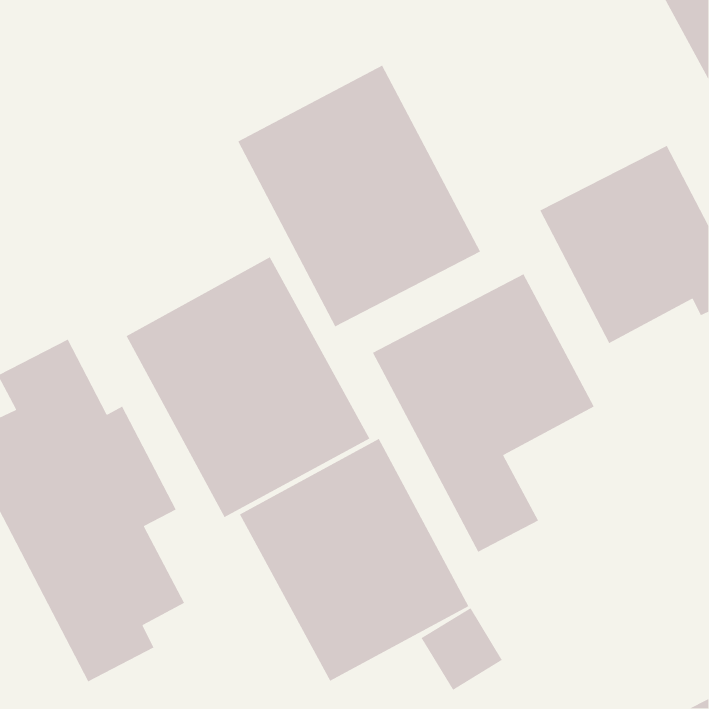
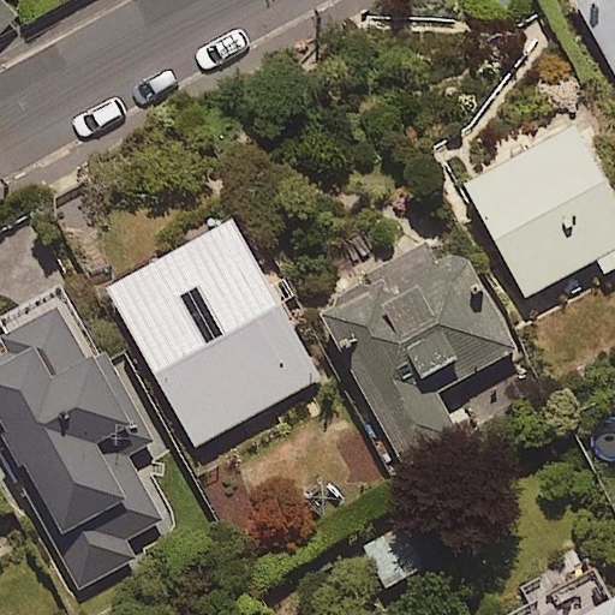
building: [237,64,481,328] -> none
building: [239,438,470,682] -> none

